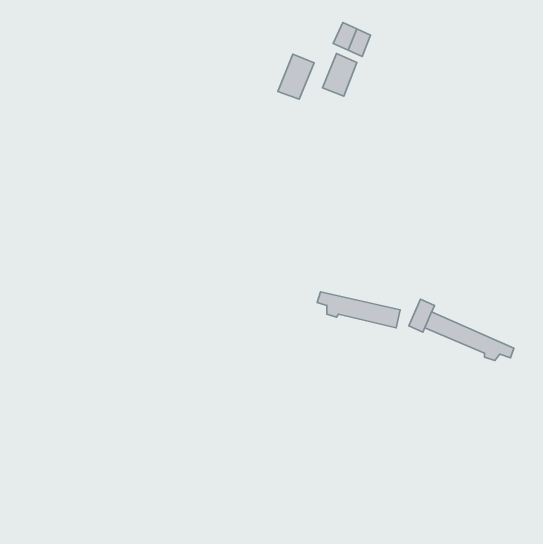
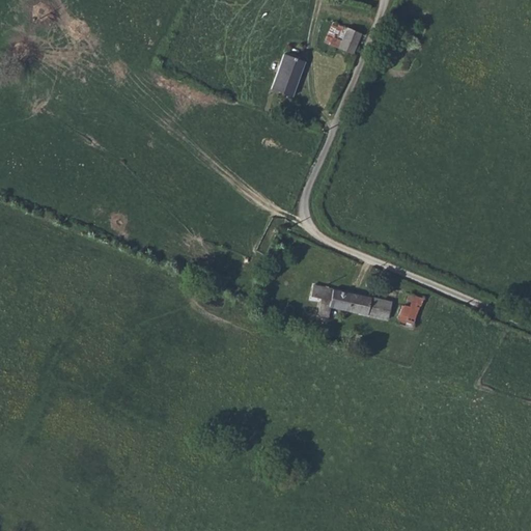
building: [323,53,357,96] -> none
building: [425,312,514,361] -> none

